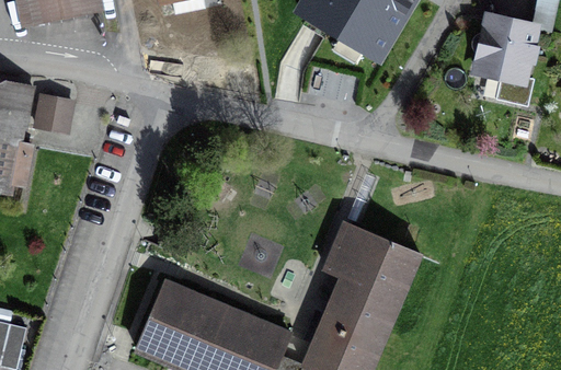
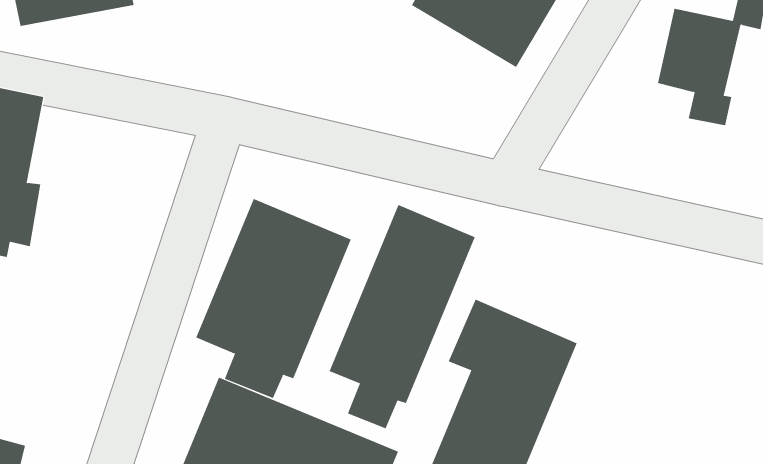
building: [30,90,77,132] -> none
building: none -> [196,198,352,399]
building: none -> [329,204,475,429]

